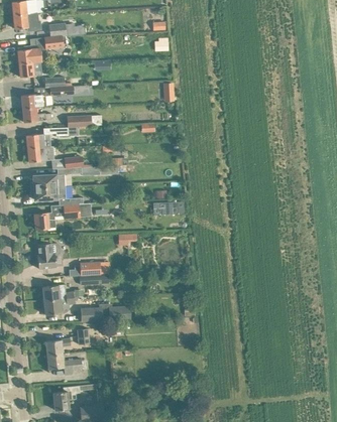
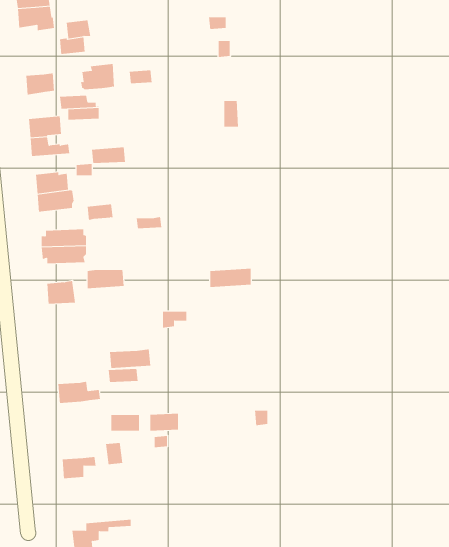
building: [16,44,41,63] -> [80,63,115,90]
building: [37,243,61,269] -> none
building: [43,297,74,314] -> none
building: [46,354,82,375] -> none

